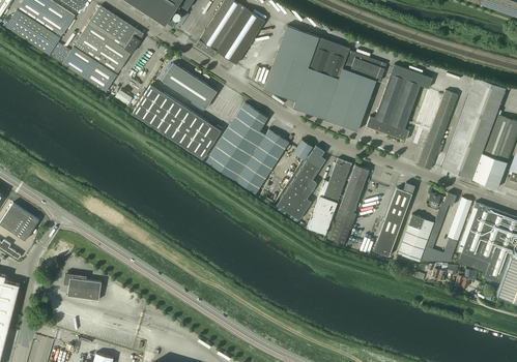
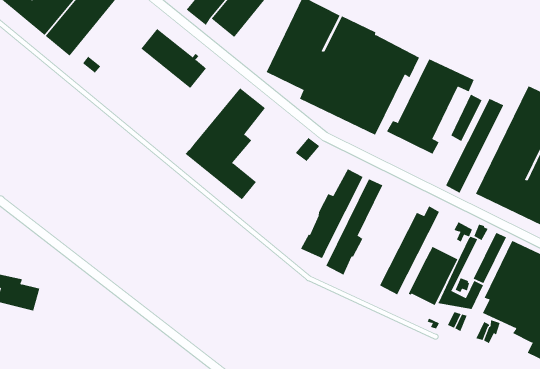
building: [132,85,222,159] -> none
building: [246,129,289,178] -> none
building: [277,146,325,220] -> none

